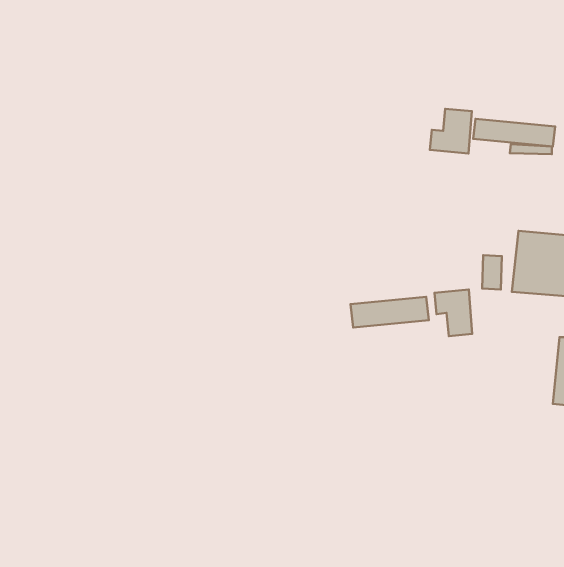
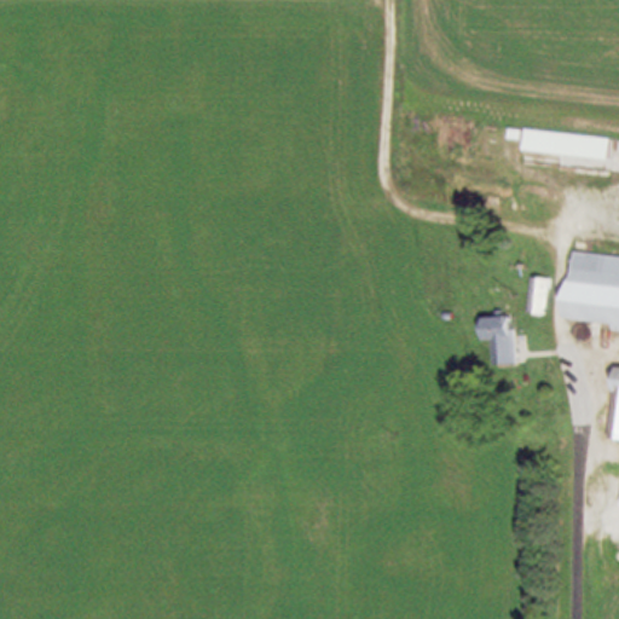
building: [430,109,472,154] -> none
building: [351,297,429,327] -> none

